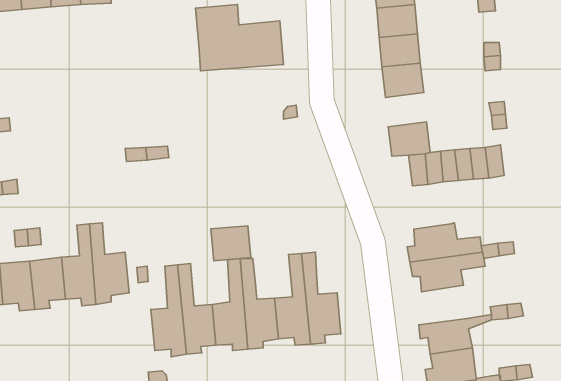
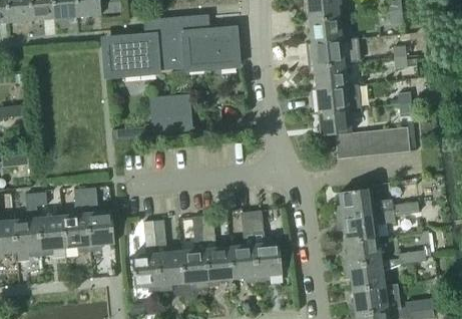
building: none -> [105,19,171,74]
building: none -> [317,84,360,112]
building: none -> [150,93,193,132]
building: [211,226,251,261] -> none
building: none -> [341,237,381,268]

